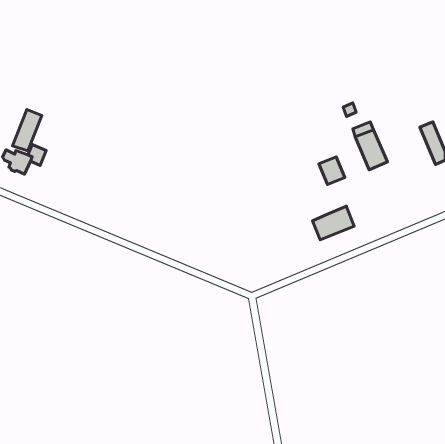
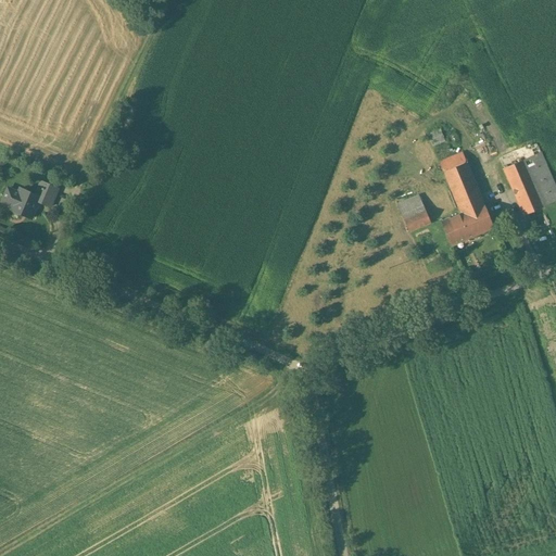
building: [12,110,42,151] -> none
building: none -> [503,159,543,214]
building: [312,206,354,240] -> [441,202,493,244]

